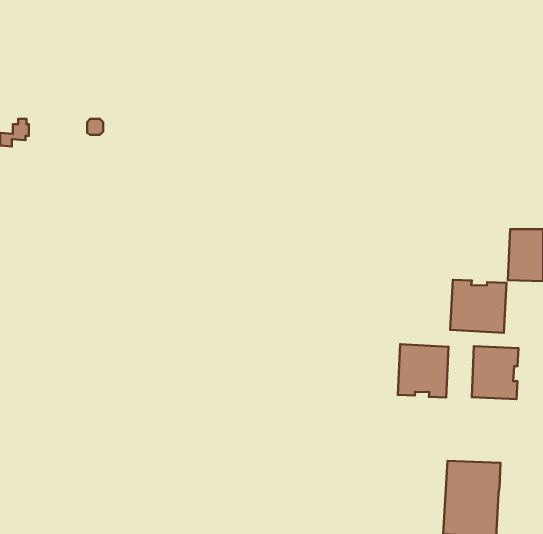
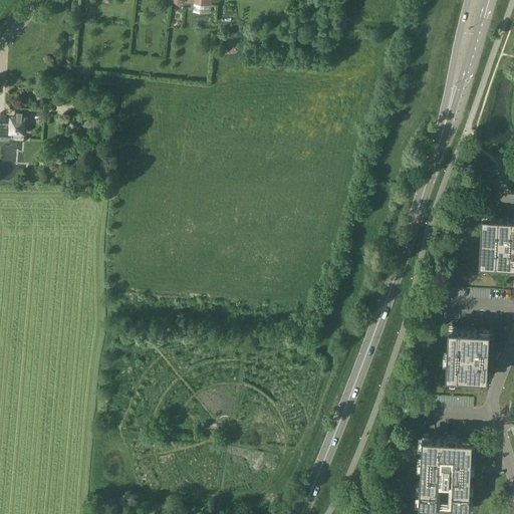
building: [450,280,506,333] -> none
building: [398,344,449,398] -> none

